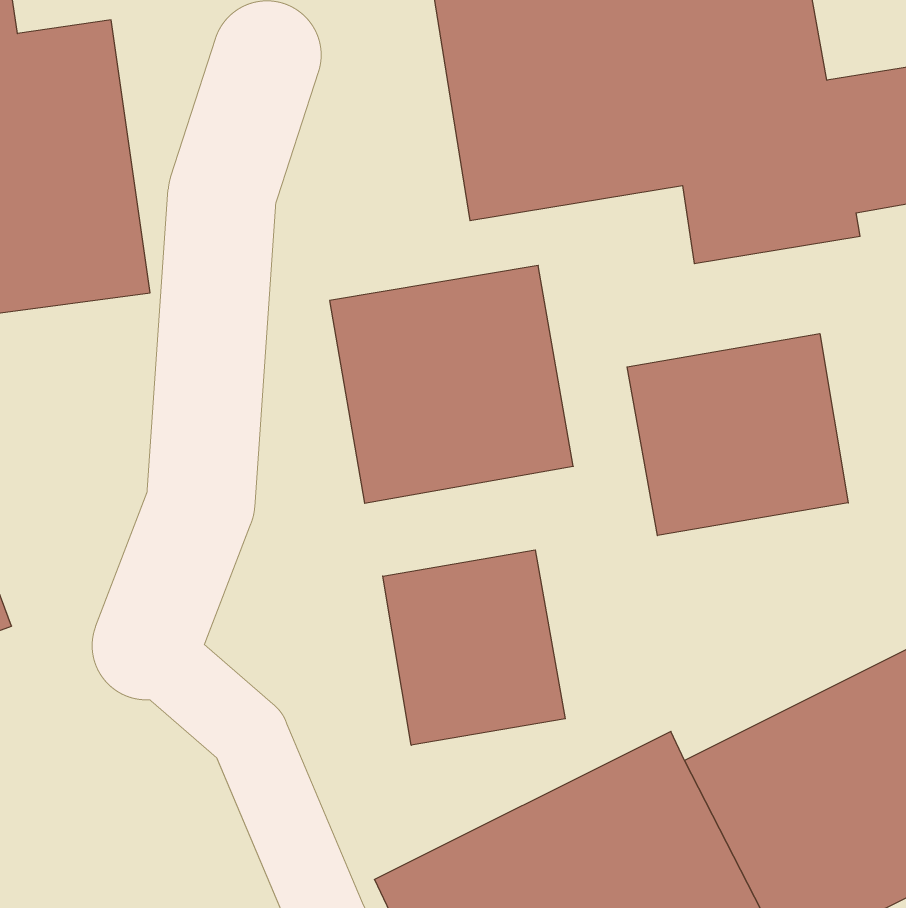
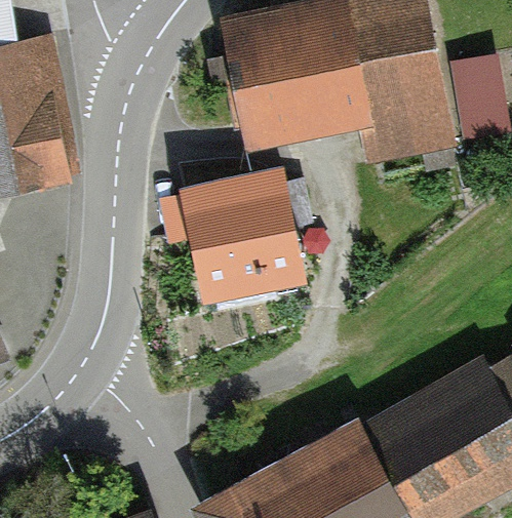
building: [627,334,848,536] -> none
building: [383,550,565,745] -> none

